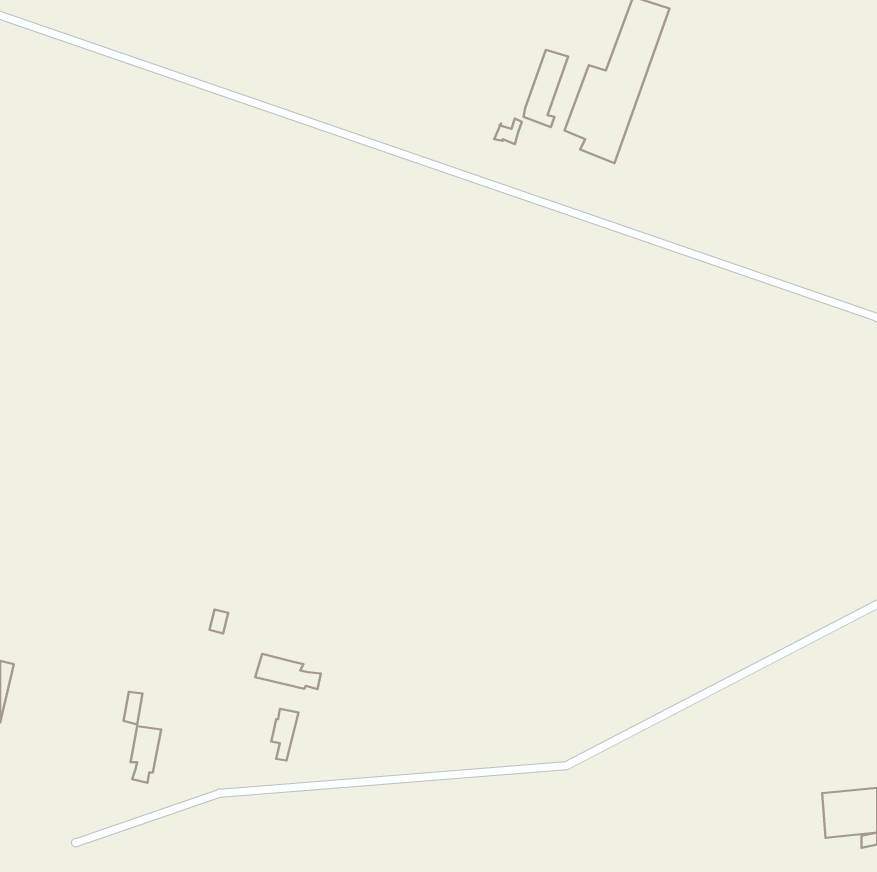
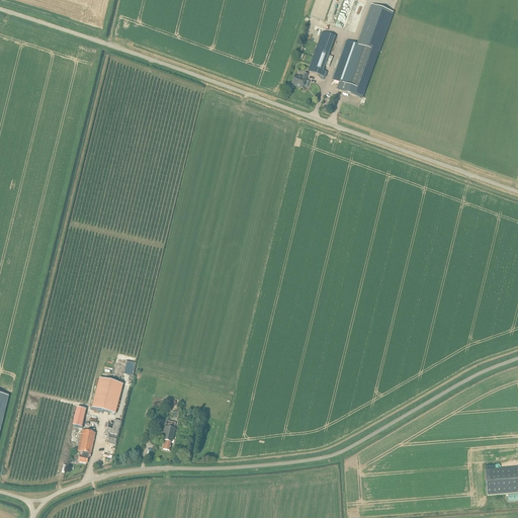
building: none -> [91,376,122,412]
building: [255,654,321,689] -> none

